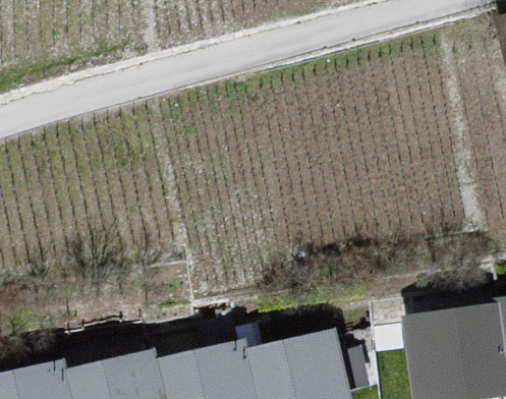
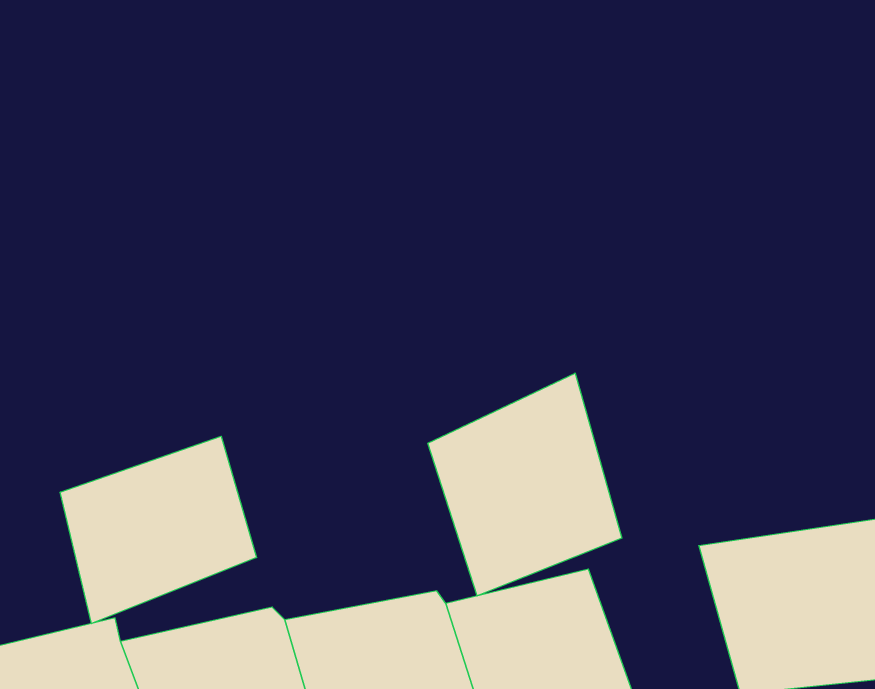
building: none -> [428,373,622,596]
building: none -> [60,436,257,624]

